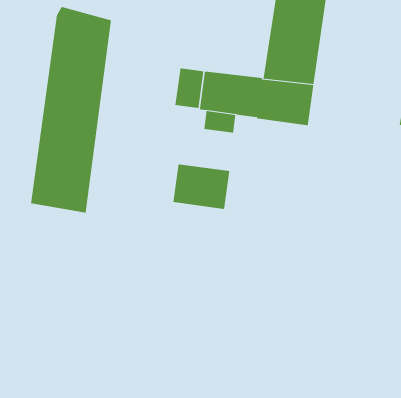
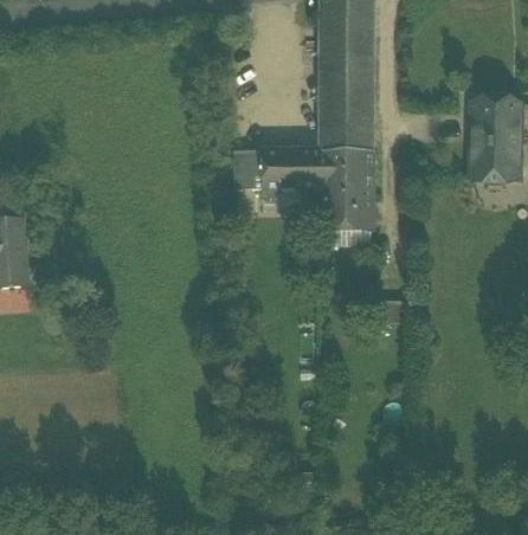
building: [30,6,111,214] -> none
building: [172,164,230,209] -> [320,189,373,228]

